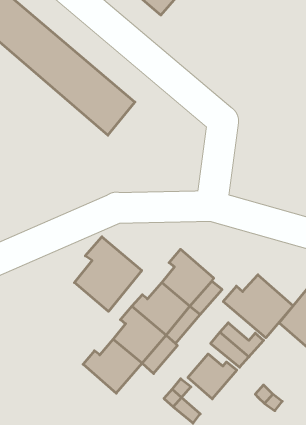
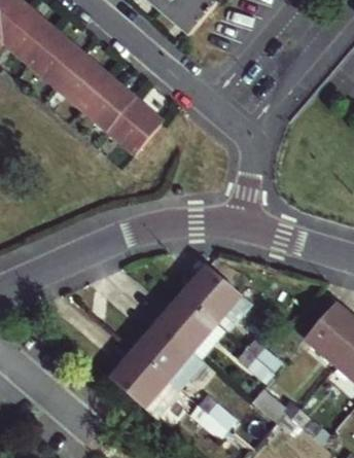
building: [74,237,142,311] -> none
building: [223,275,293,338] -> none
building: [188,354,237,399] -> none

